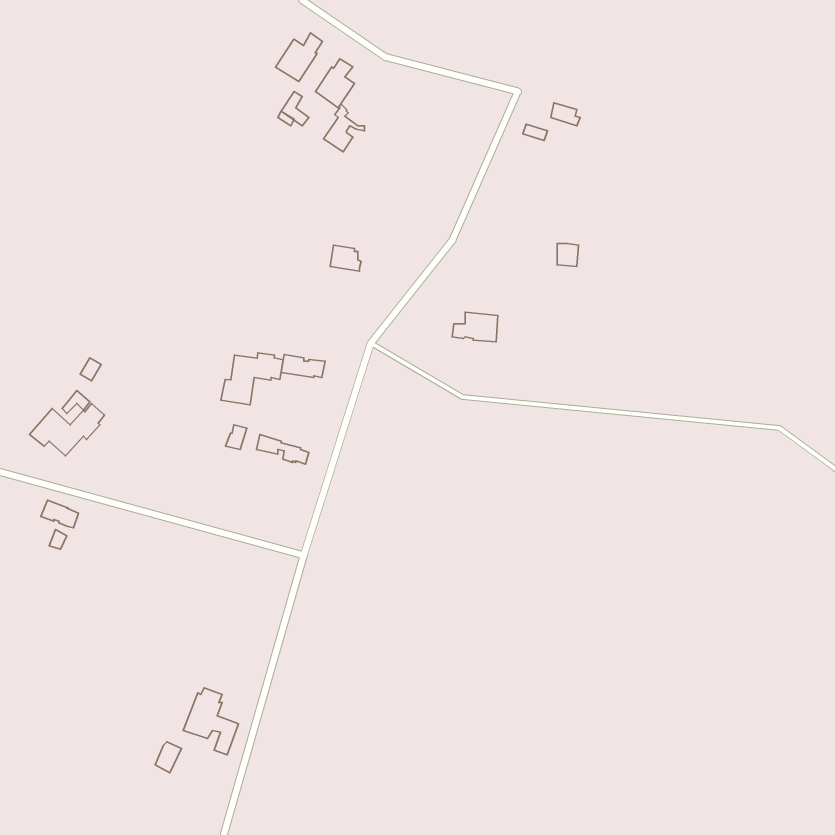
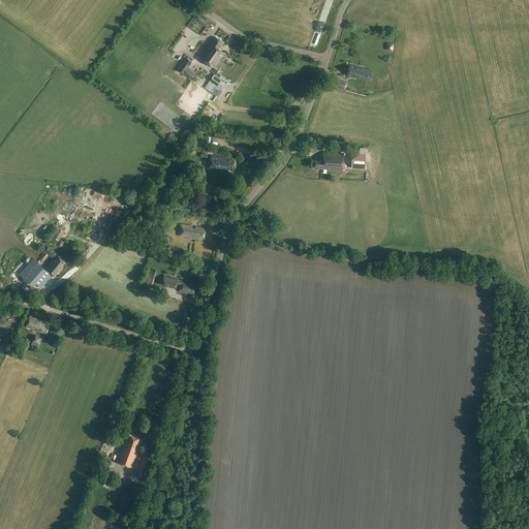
building: [275,33,323,81] -> none
building: [452,312,498,342] -> [314,152,343,170]
building: [221,353,283,405] -> none

